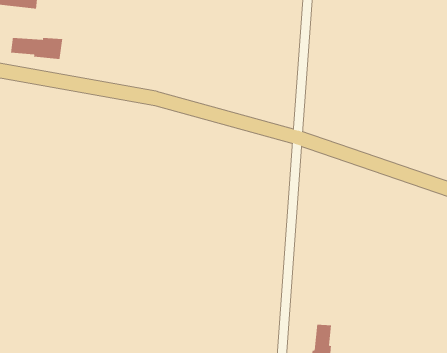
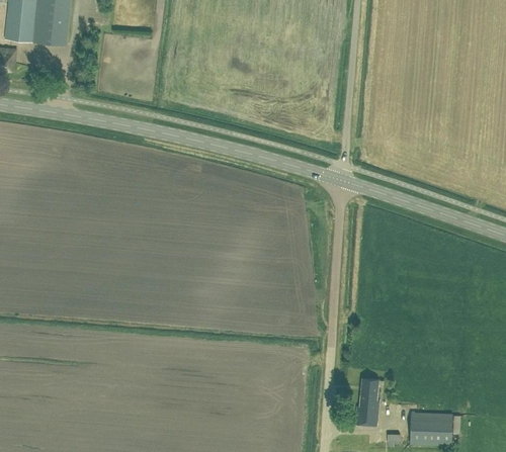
building: [11,37,63,60] -> none

